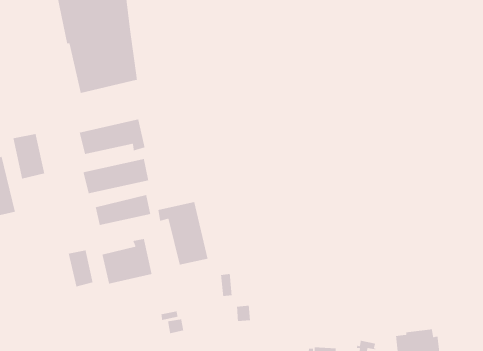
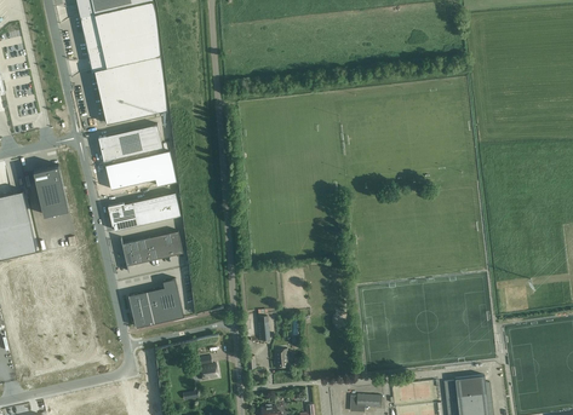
building: none -> [97,125,162,161]
building: [157,201,208,265] -> none
building: [68,249,94,288] -> none

